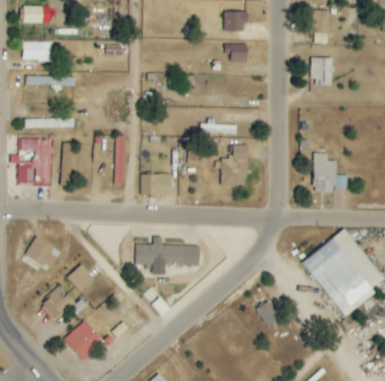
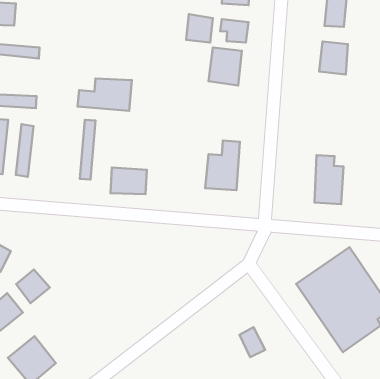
building: none -> [186,14,213,42]
building: none -> [209,48,242,85]
building: none -> [78,78,132,111]
building: [135,236,199,272] -> none

